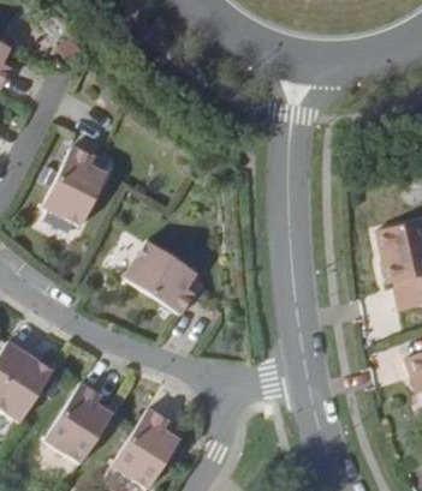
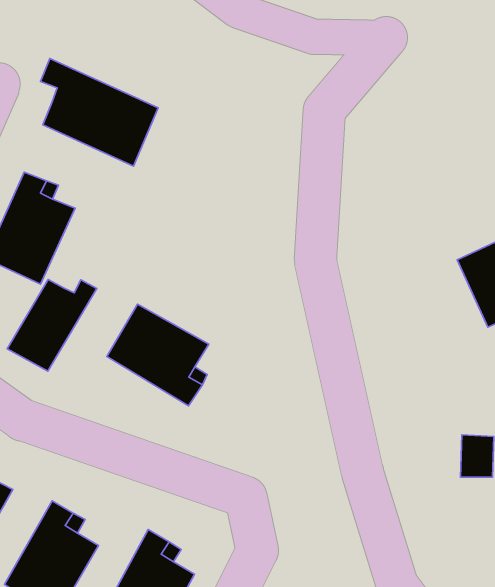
building: none -> [41,59,158,166]
building: none -> [7,280,97,371]

